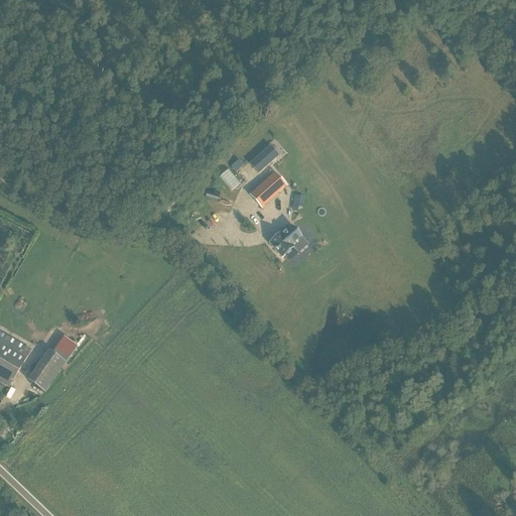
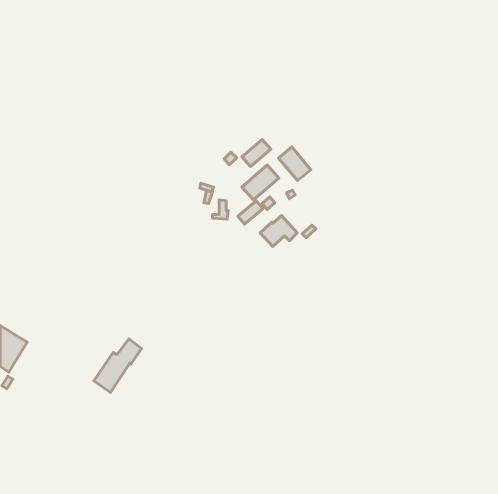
building: none -> [278,147,311,180]
building: [27,334,77,389] -> [94,339,142,393]

